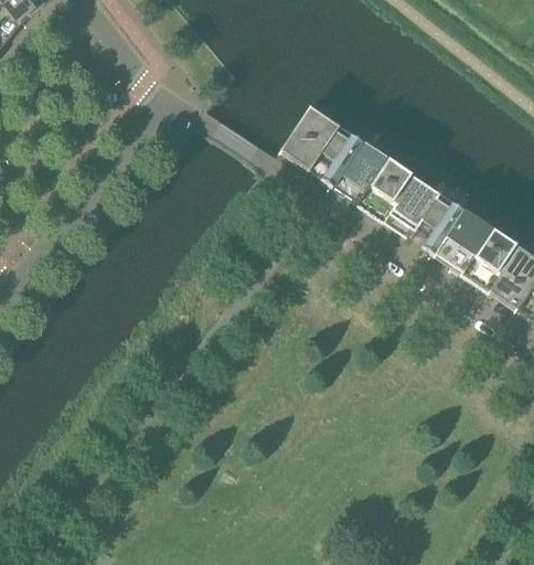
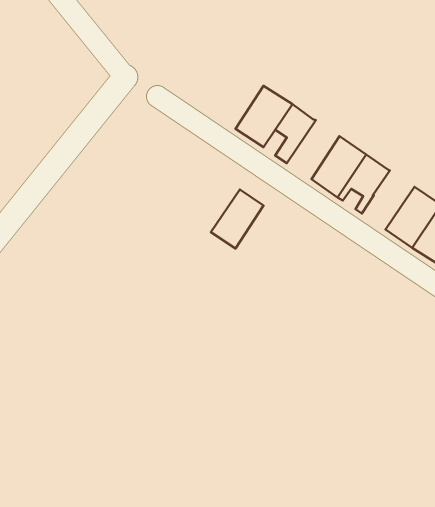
building: [328,137,382,198] -> [211,189,263,248]
building: [416,189,459,249] -> none

